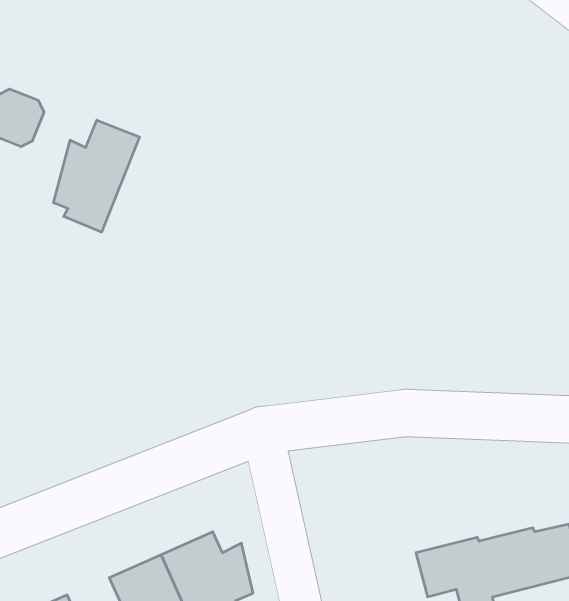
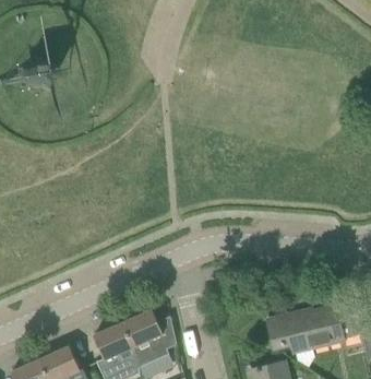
building: [54,120,140,232] -> none

